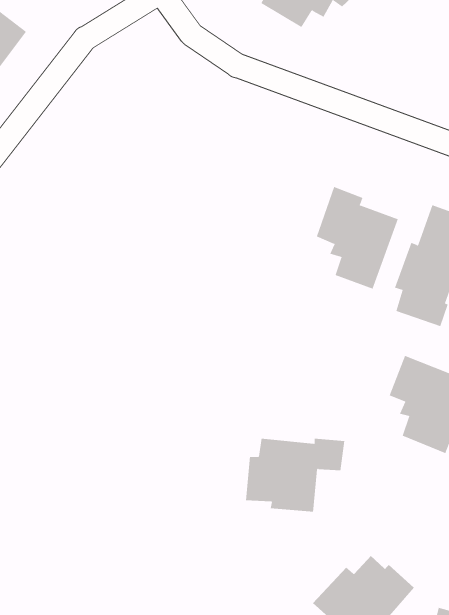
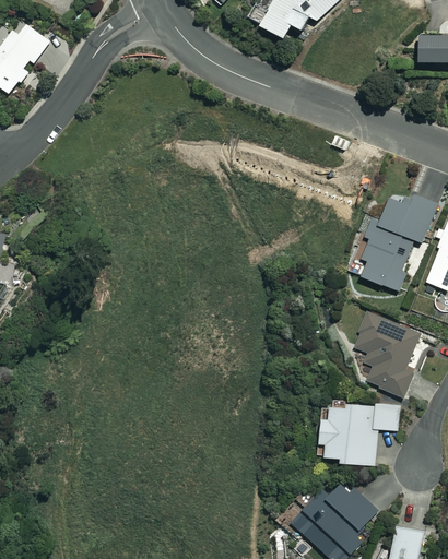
building: [316,186,398,290] -> none
building: [245,438,345,512] -> [317,403,401,465]

